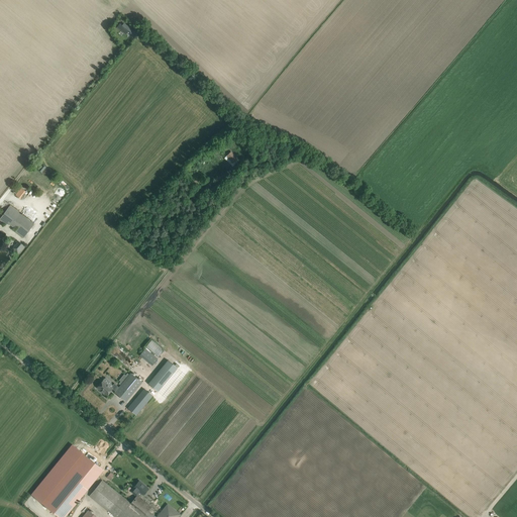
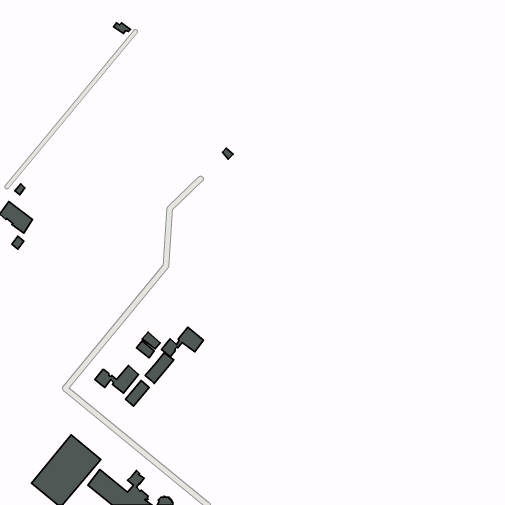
building: none -> [161,327,203,356]

